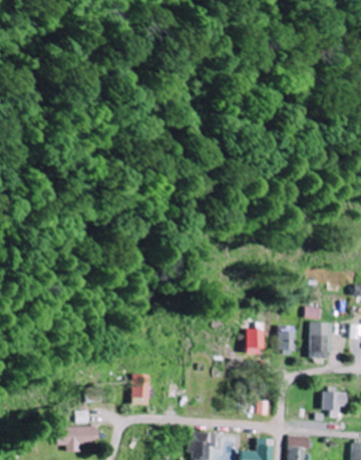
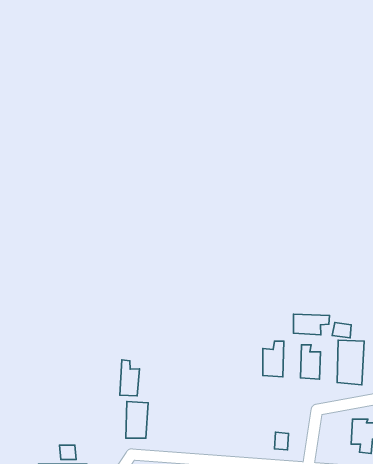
building: none -> [293,314,330,335]
building: none -> [120,360,140,396]

